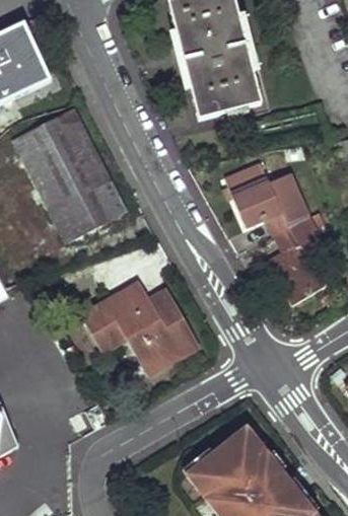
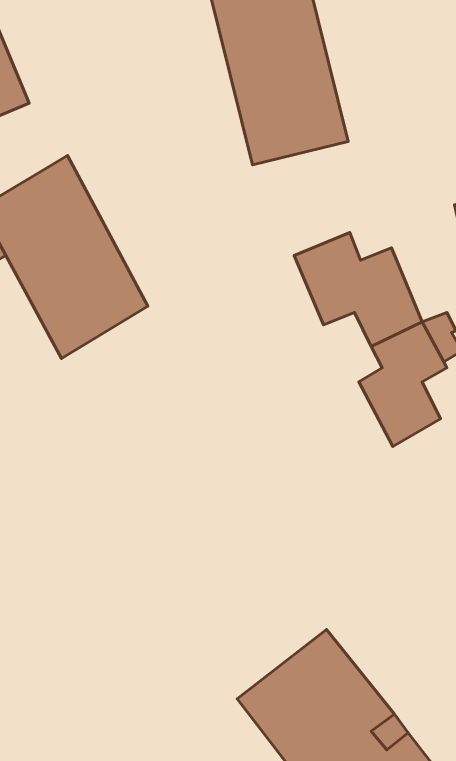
building: [89,293,198,372] -> none

